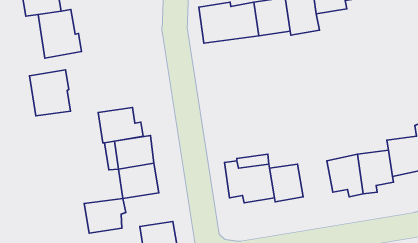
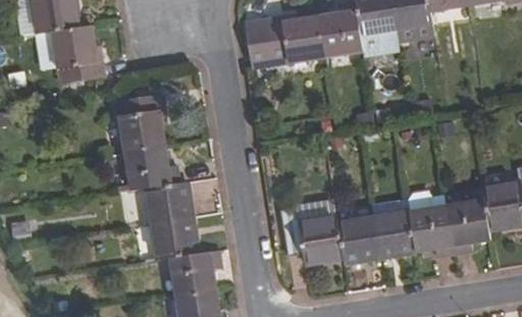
building: [29,70,70,116] -> [114,95,165,152]
building: none -> [370,210,414,257]
building: [84,199,126,233] -> [168,251,220,294]

